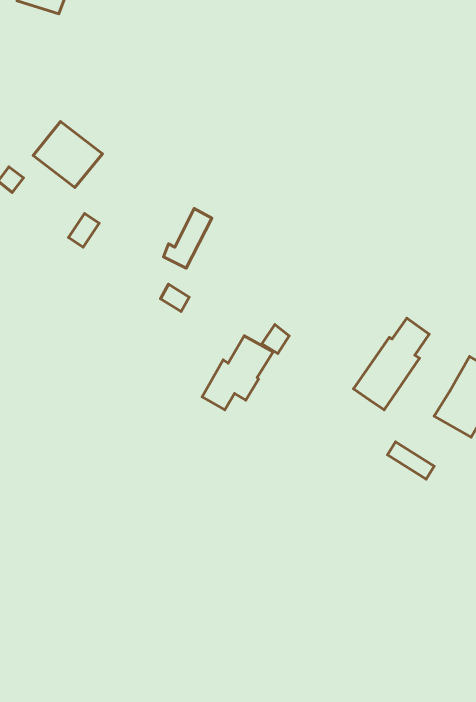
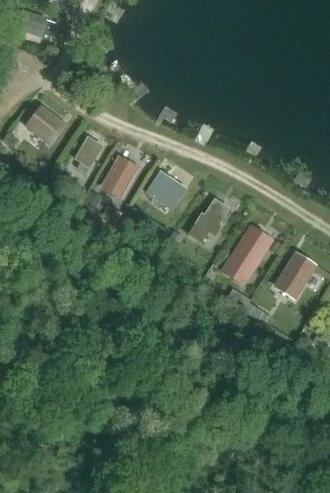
building: none -> [73,136,102,173]
building: none -> [152,175,186,208]
building: [202,336,273,410] -> [187,197,231,243]

